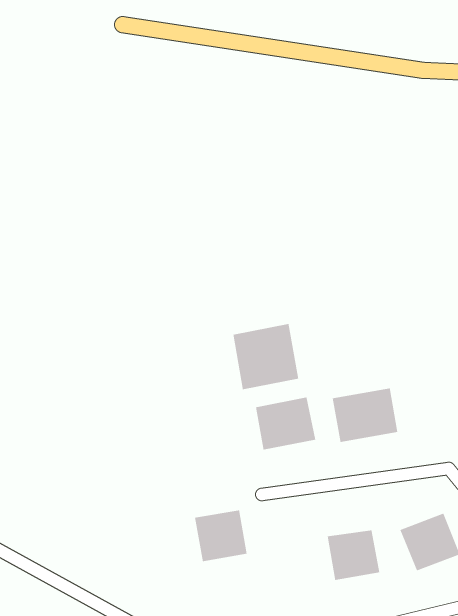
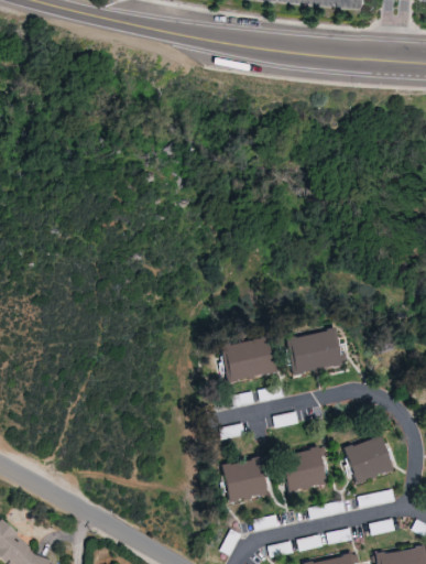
building: [233,323,299,390] -> none
building: [194,510,248,562] -> [221,458,266,502]

